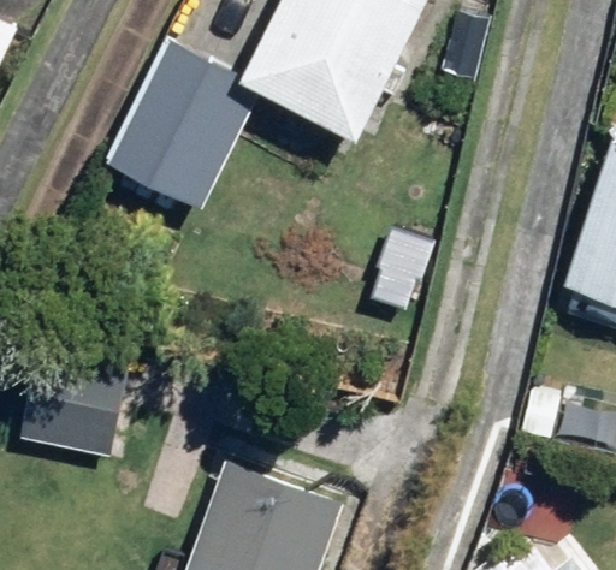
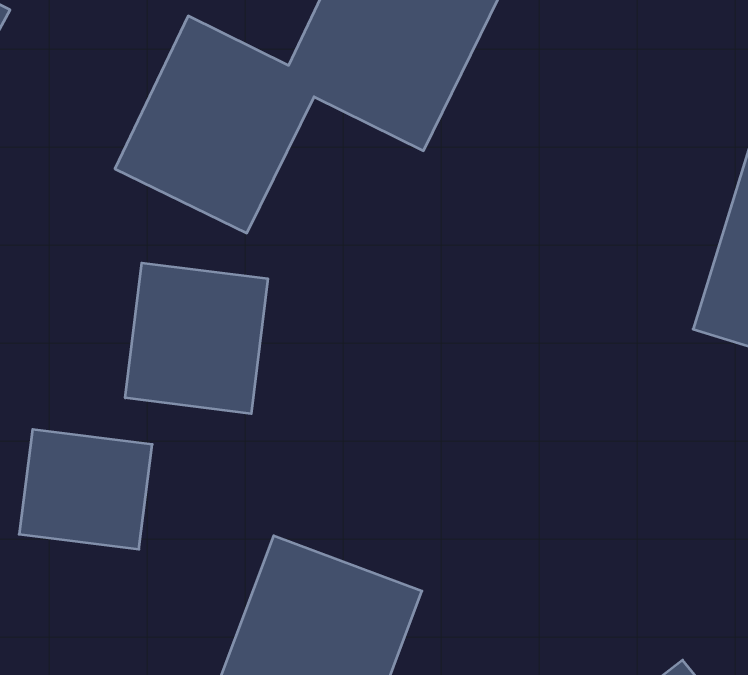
building: none -> [125,263,268,414]

